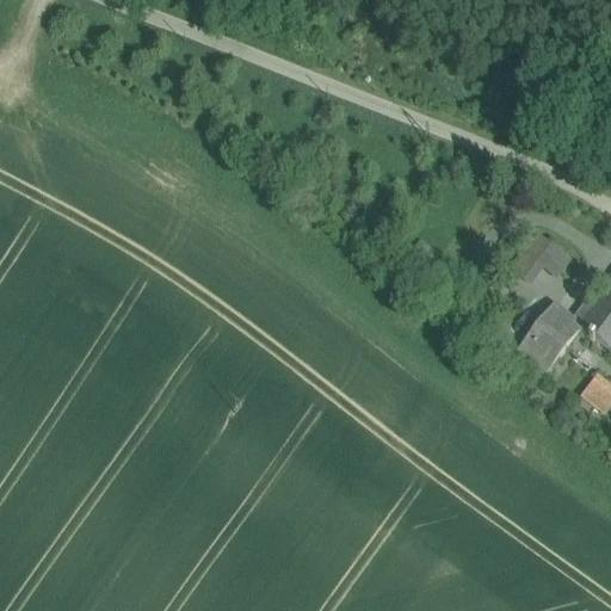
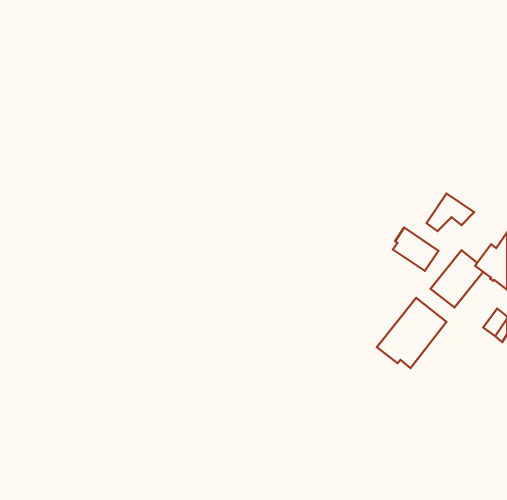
building: none -> [393,227,439,271]
building: none -> [377,298,446,368]

